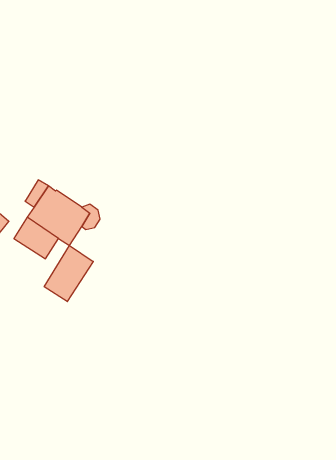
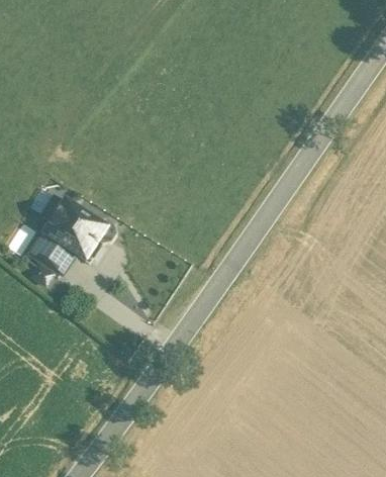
building: [44,246,93,302] -> none

